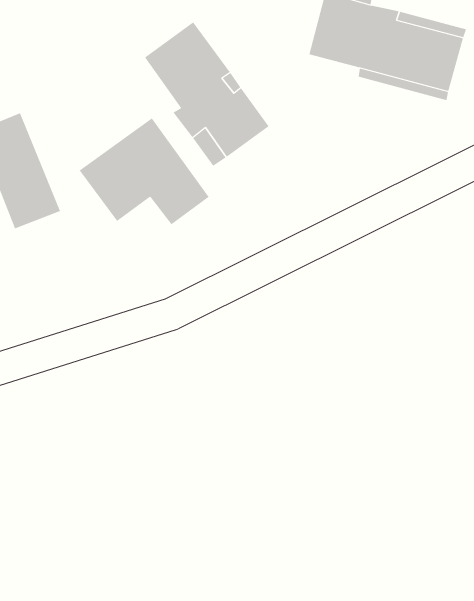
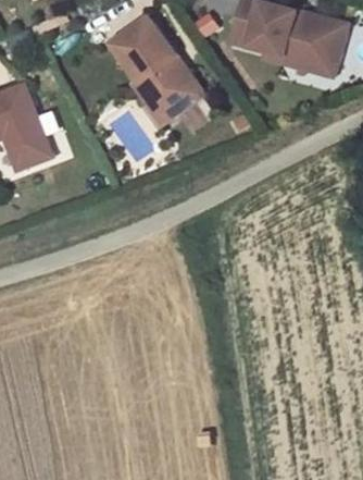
building: [79,118,210,225] -> none

